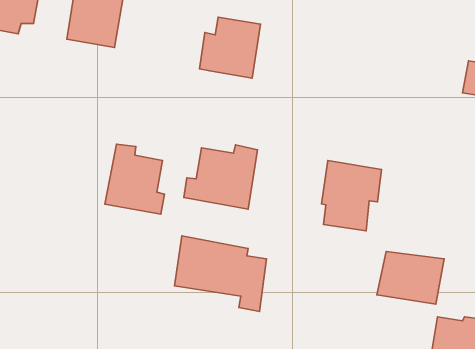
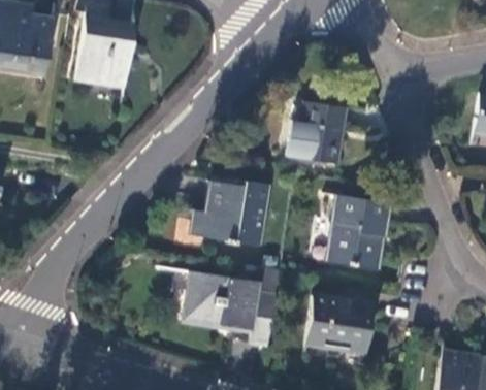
building: [200,17,261,78] -> [283,102,344,163]
building: [105,144,165,214] -> none
building: [377,251,444,304] -> [303,298,370,351]

